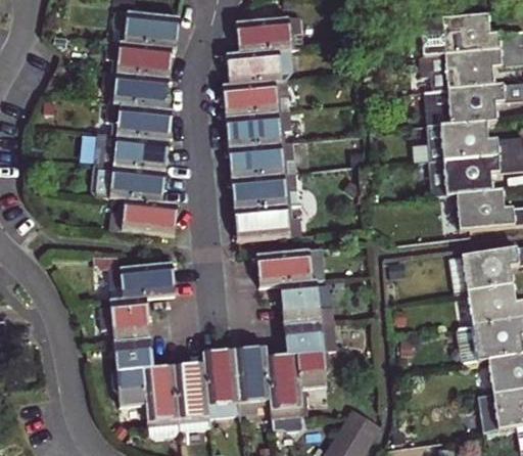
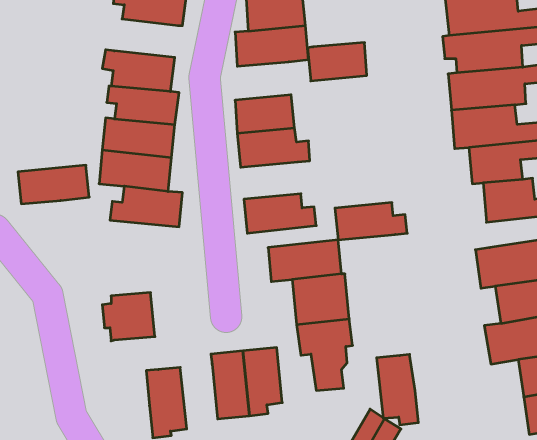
building: [106,40,173,78] -> none
building: [223,82,278,118] -> [308,43,367,81]
building: [231,175,298,210] -> [335,203,407,240]
building: [107,264,174,300] -> [18,165,89,204]
building: [110,337,154,405] -> none
building: [266,354,304,419] -> [377,354,418,425]
building: [175,363,210,427] -> none

